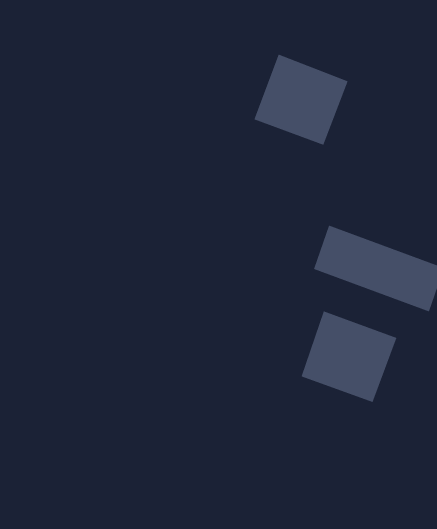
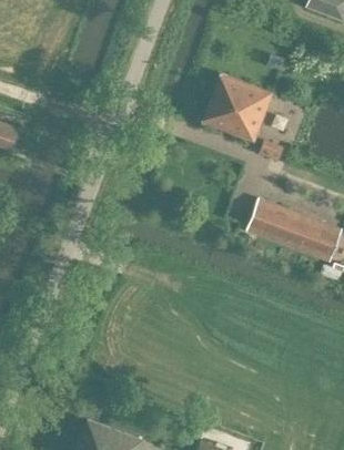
building: [301,310,397,403] -> none

